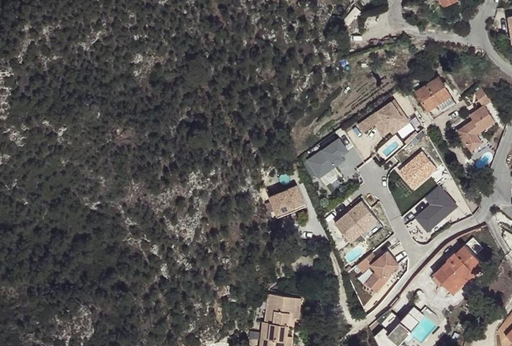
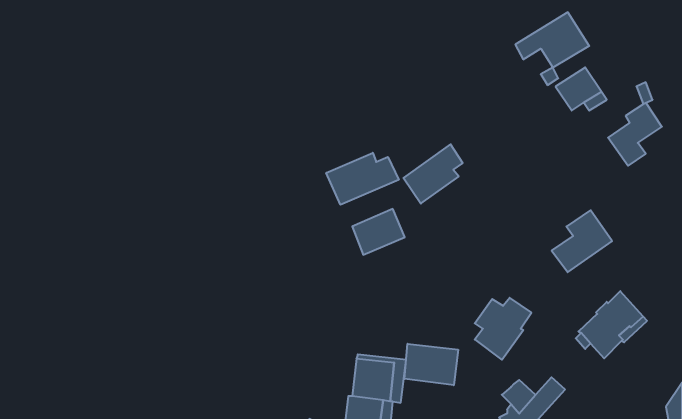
building: [355,98,410,139] -> [515,12,589,67]
building: none -> [326,153,399,205]
building: [396,151,437,190] -> none
building: [331,200,376,243] -> none
building: none -> [405,344,458,385]

